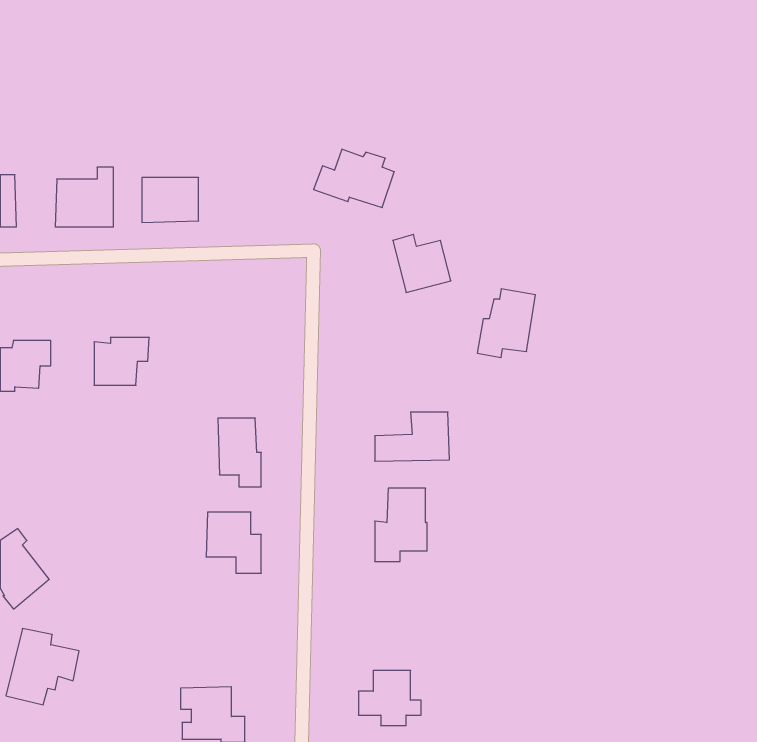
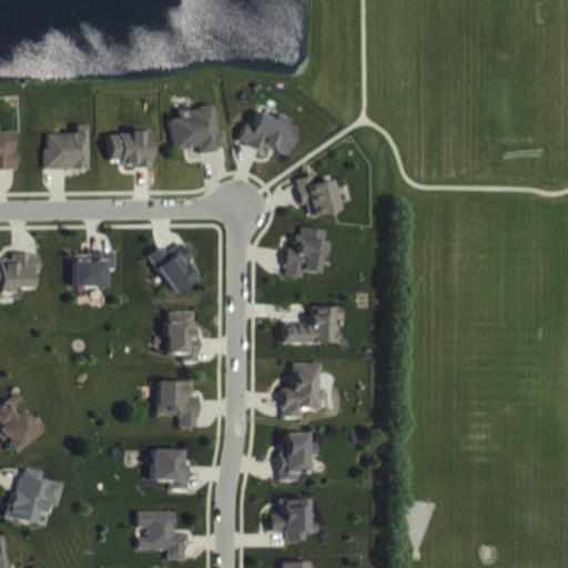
building: none -> [171,105,226,152]
building: [477,289,535,358] -> [283,226,326,277]
building: none -> [148,242,200,292]
building: none -> [281,433,317,480]
building: none -> [153,448,190,490]

